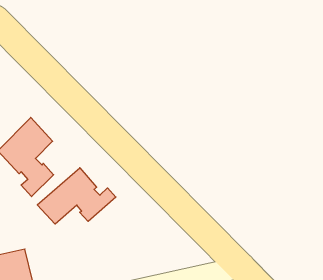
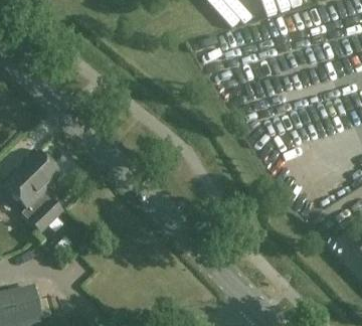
building: [37,168,116,224] -> none

